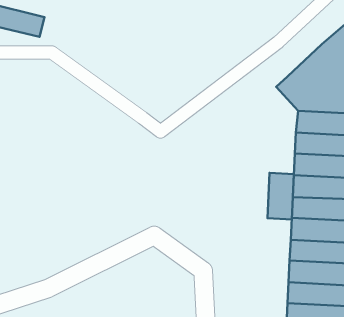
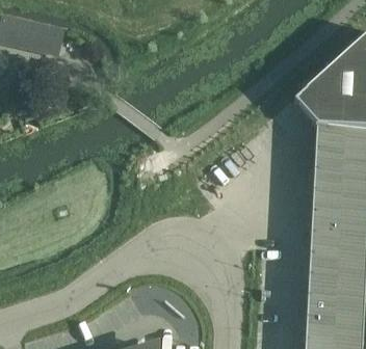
building: [267,173,294,219] -> none

